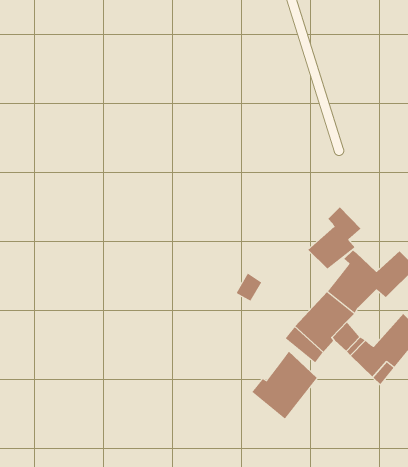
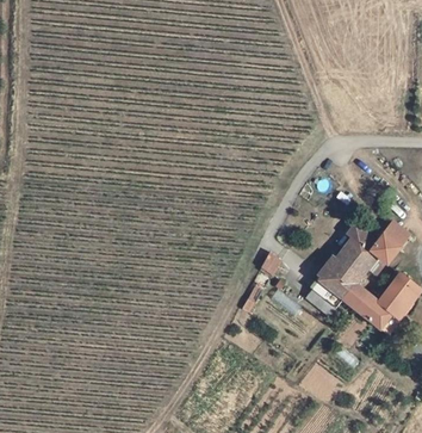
building: [308,206,362,269] -> none
building: [251,351,317,420] -> none

